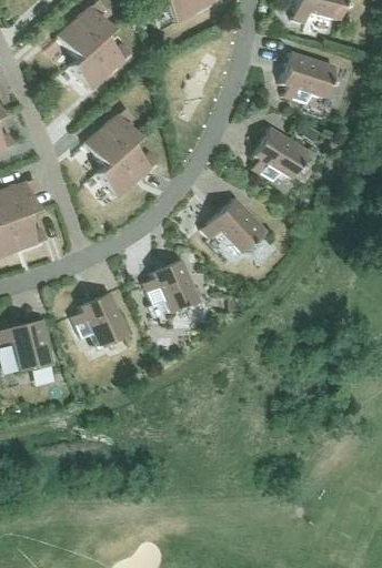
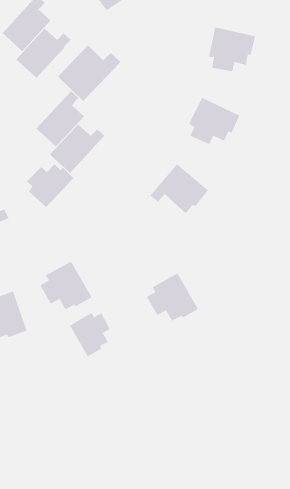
building: none -> [50,44,121,102]
building: none -> [26,163,74,208]
building: [143,260,200,313] -> [146,272,199,322]
building: none -> [69,312,111,357]

